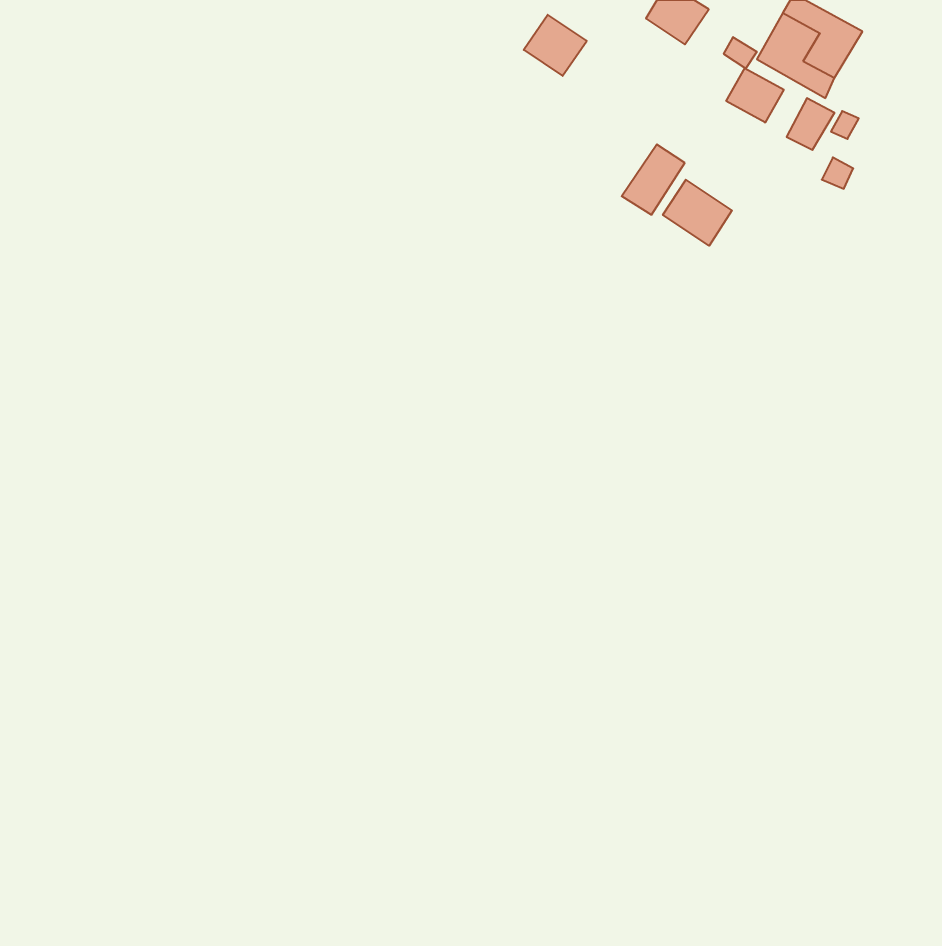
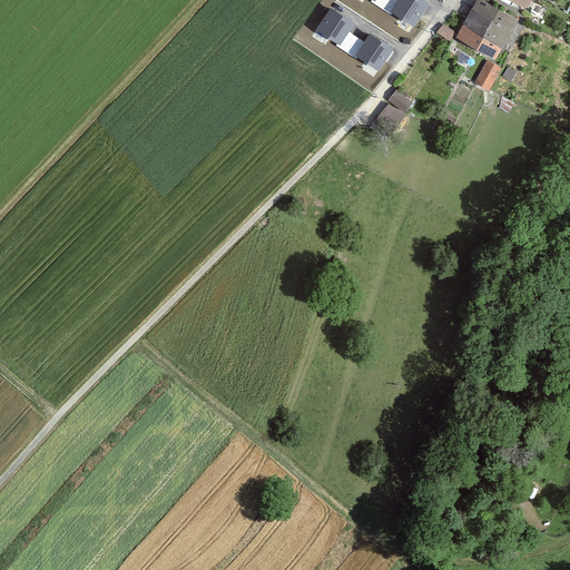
building: none -> [354,33,391,70]
building: [726,68,784,123] -> none
building: [663,180,732,246] -> none

